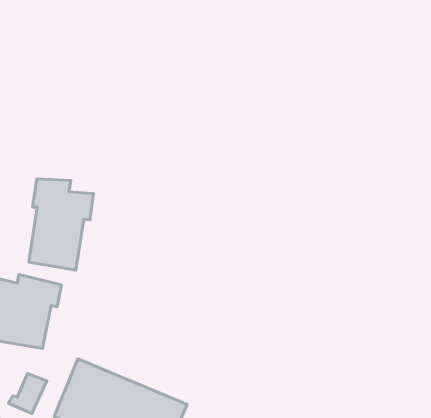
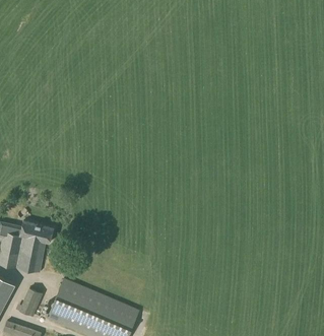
building: [29,179,94,270] -> none

